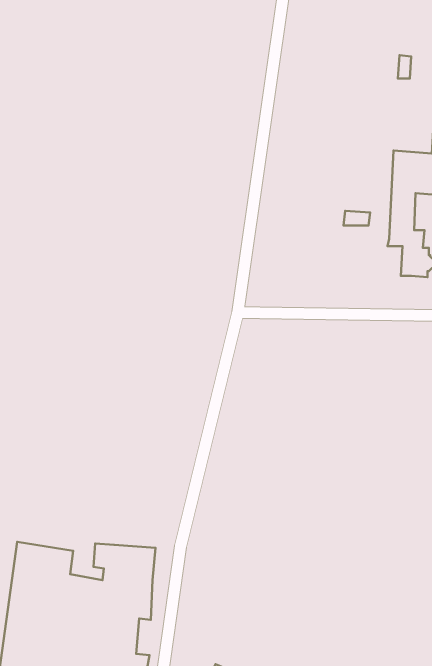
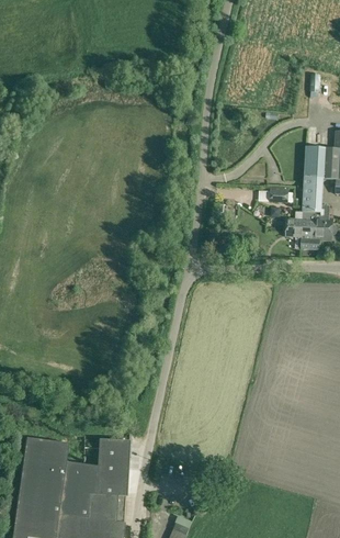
building: none -> [286,216,320,248]

